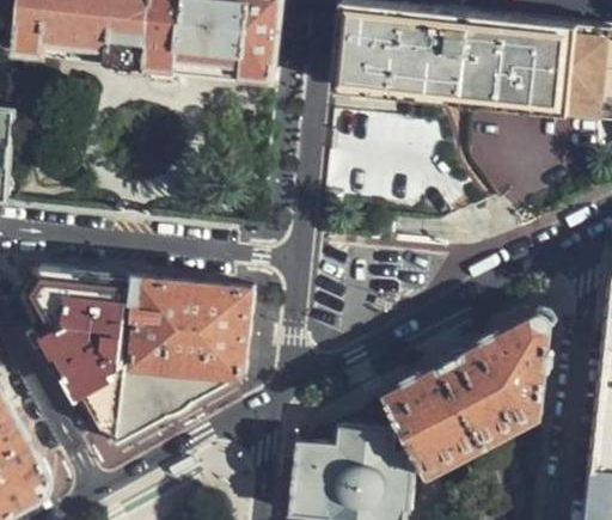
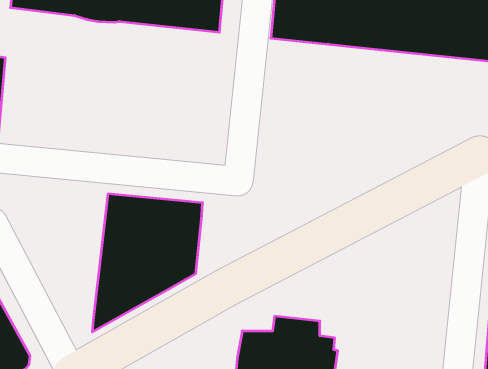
building: [22,268,135,432] -> none
building: [384,314,549,475] -> none

